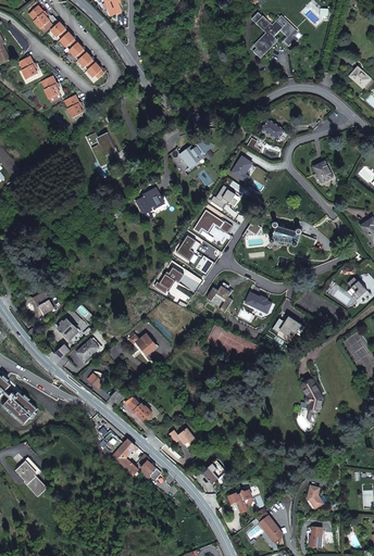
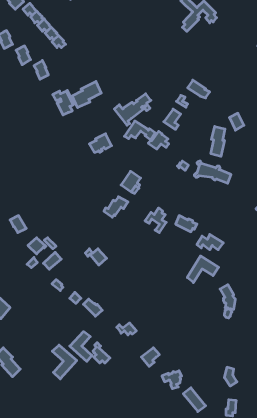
building: none -> [72,81,101,108]
building: none -> [211,126,225,156]
building: [192,211,232,235] -> [124,121,155,140]
building: none -> [187,256,219,283]
building: none -> [52,345,77,379]

